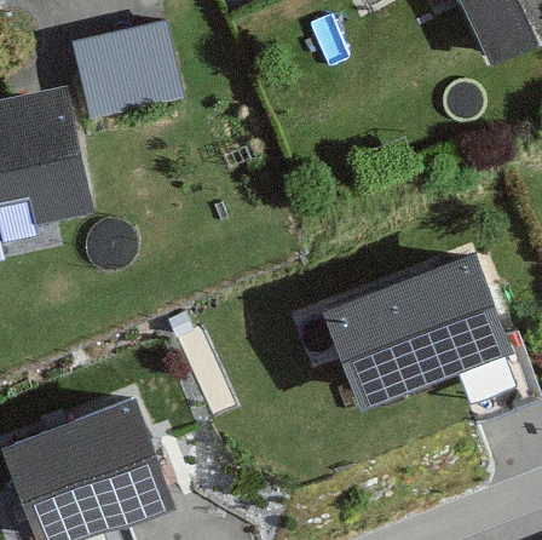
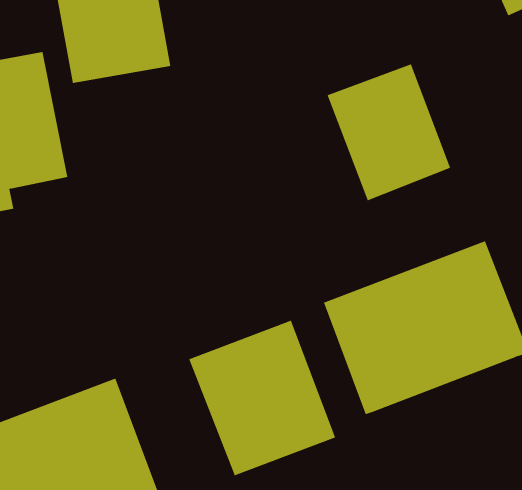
building: none -> [327,63,451,201]
building: none -> [189,320,336,476]

